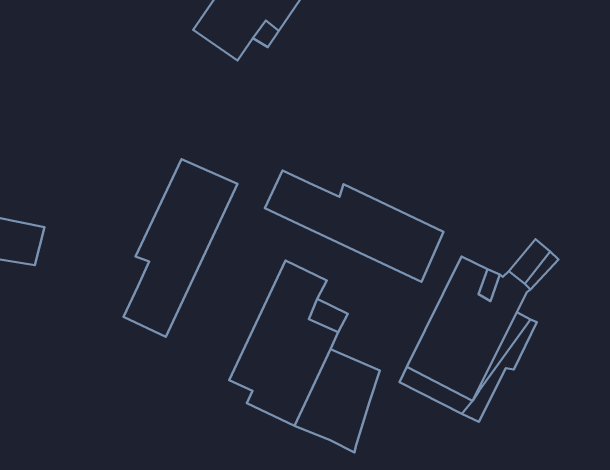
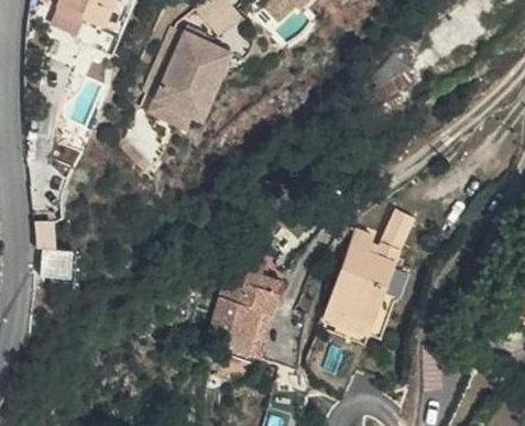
building: [124,159,238,337] -> none
building: [265,170,443,282] -> none

